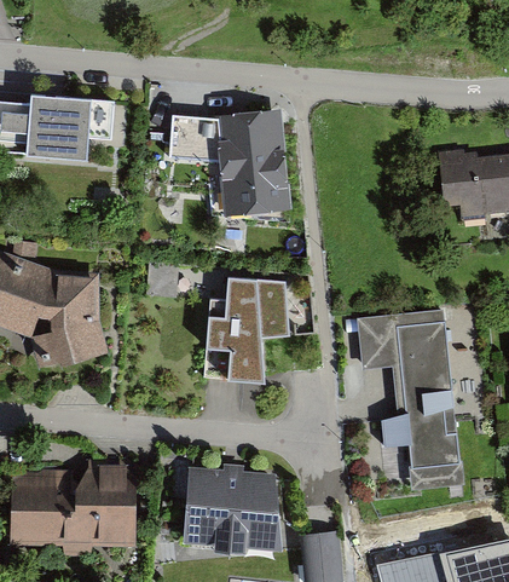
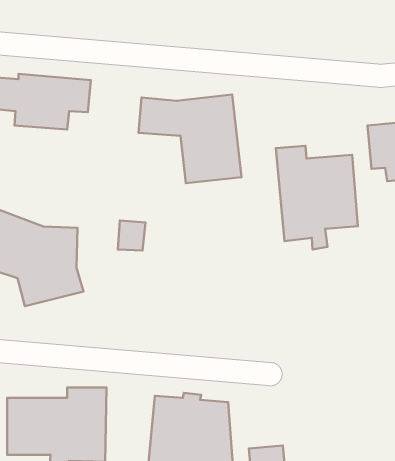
building: none -> [276,146,358,249]
building: [206,273,296,384] -> none
building: [359,311,459,486] -> none

